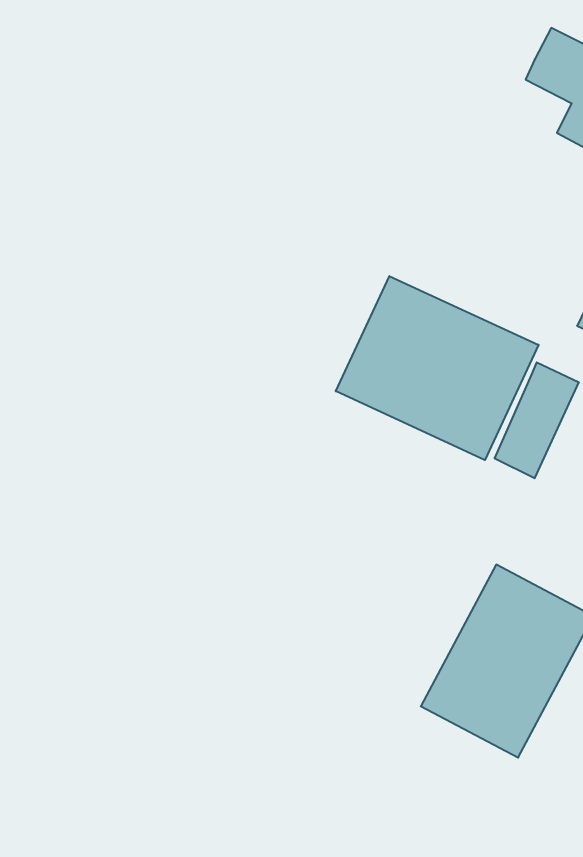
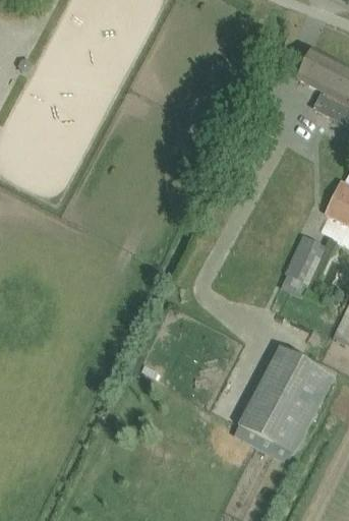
building: [336,276,539,460] -> none

